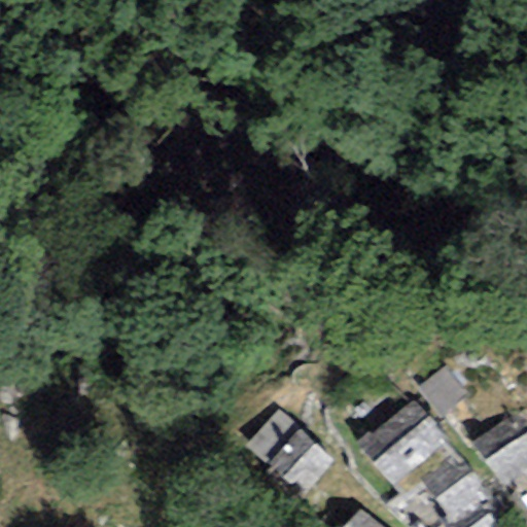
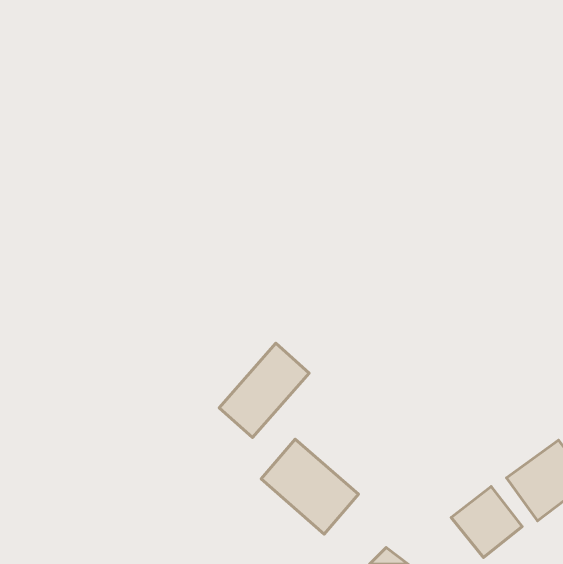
building: none -> [219,343,309,438]
building: [355,399,448,486] -> none

